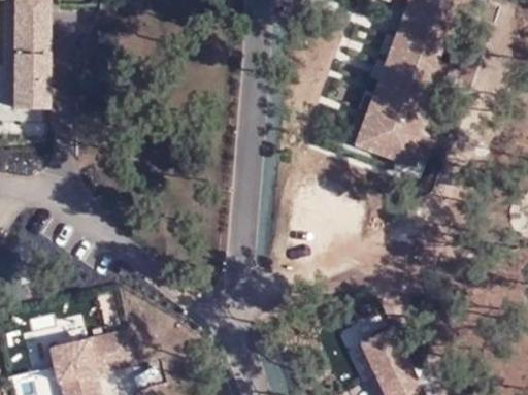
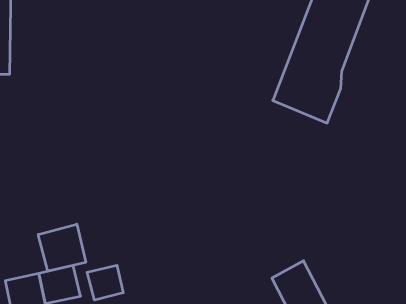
building: none -> [38,224,86,271]
building: none -> [87,265,123,300]

